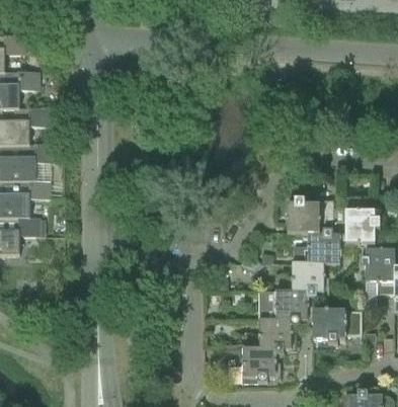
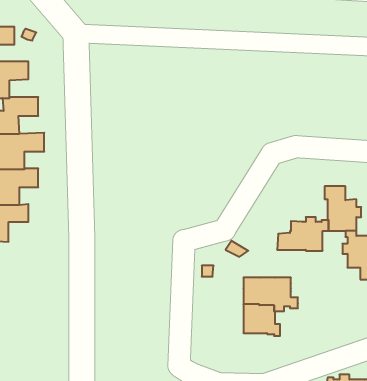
building: [285,198,333,234] -> none
building: [291,262,328,297] -> none
building: [312,310,361,344] -> none
building: [238,347,284,383] -> none

